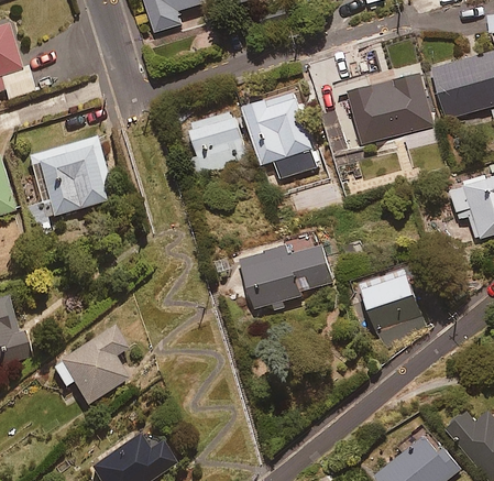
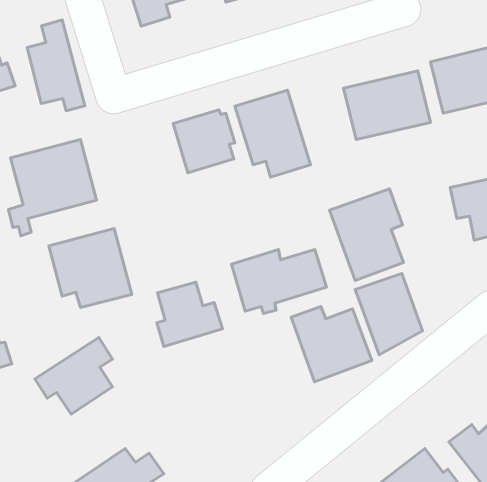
building: none -> [27,20,85,111]
building: none -> [329,189,404,280]
building: none -> [49,229,132,308]
building: none -> [157,282,222,346]
building: none -> [291,307,372,382]

